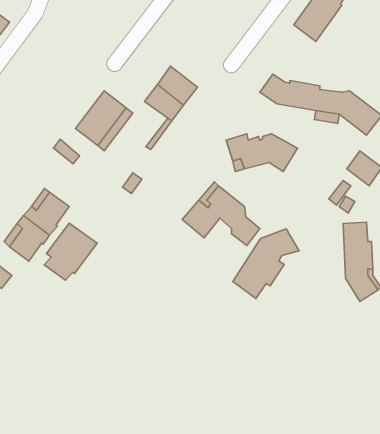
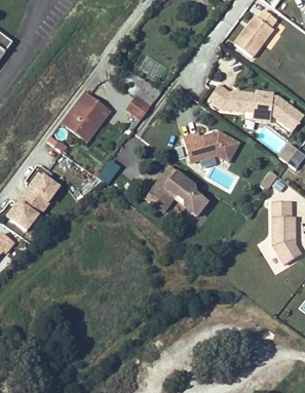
building: [44,223,97,280] -> none
building: [233,229,299,298] -> none

